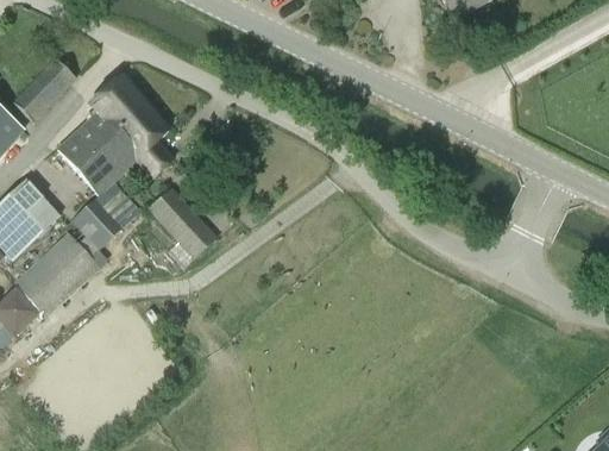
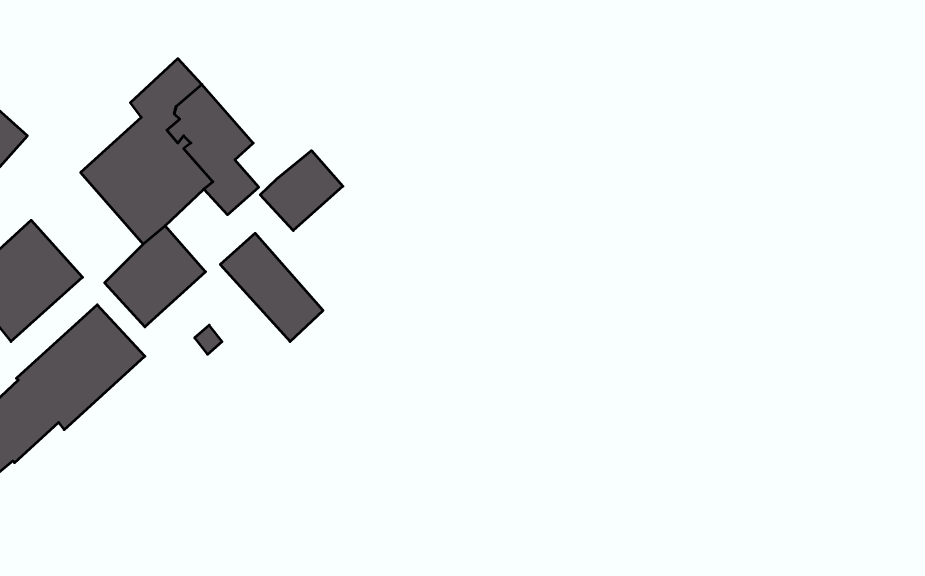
building: [12,56,76,121] -> none
building: none -> [260,151,343,231]

